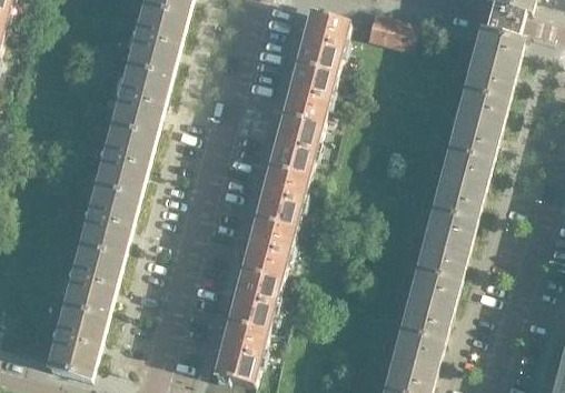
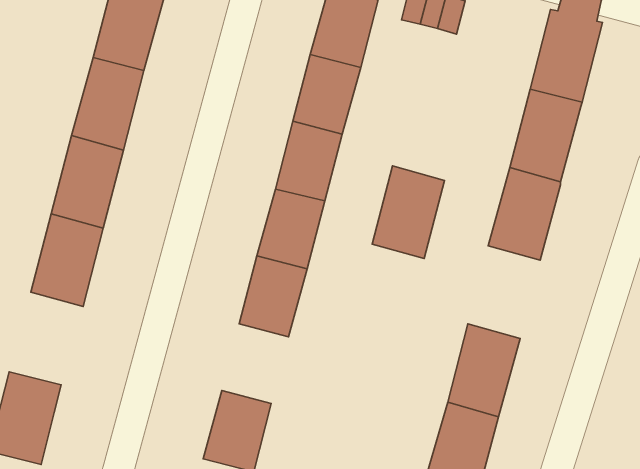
building: [417,210,473,281] -> [372,166,444,259]
building: [65,245,121,316] -> none
building: [228,270,279,331] -> none

